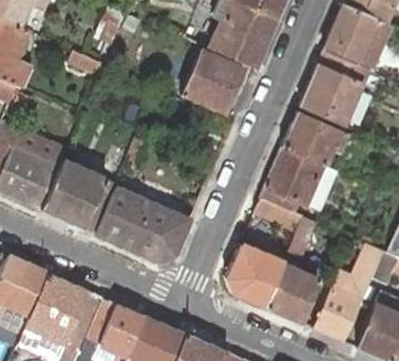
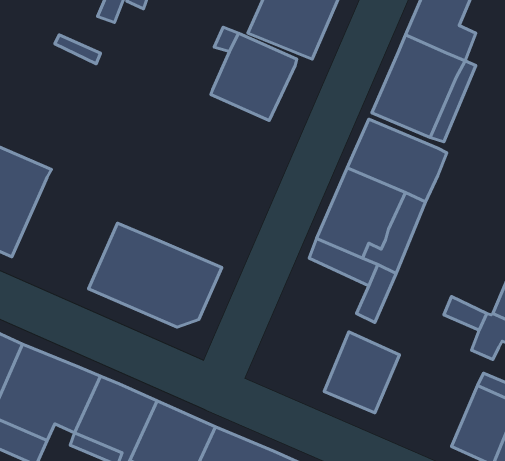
building: [40,158,117,233] -> none
building: [225,243,283,307] -> none
building: [312,275,364,341] -> none

